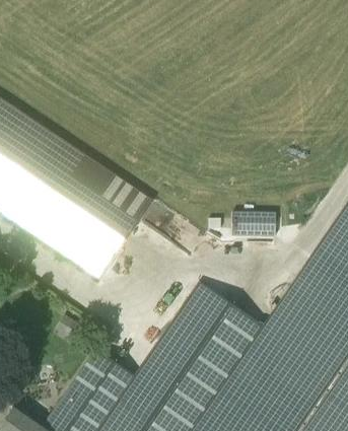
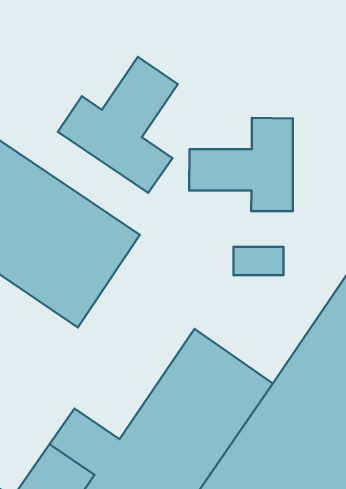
building: none -> [58,57,178,193]
building: none -> [189,118,293,211]

